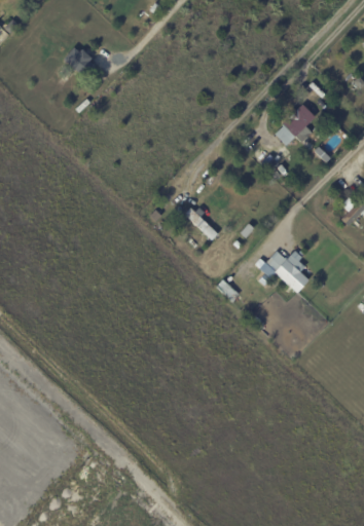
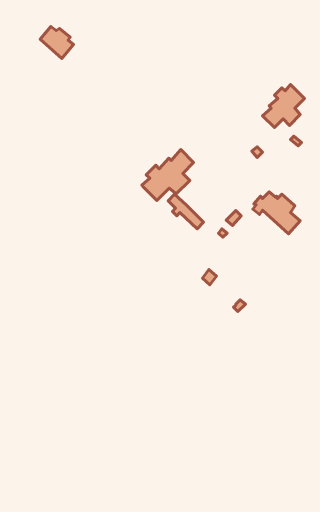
building: none -> [142,150,194,200]
building: [263,252,308,292] -> [253,192,300,234]

